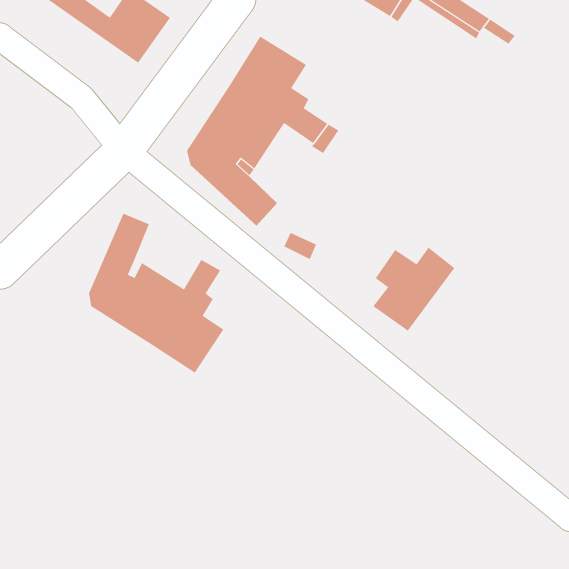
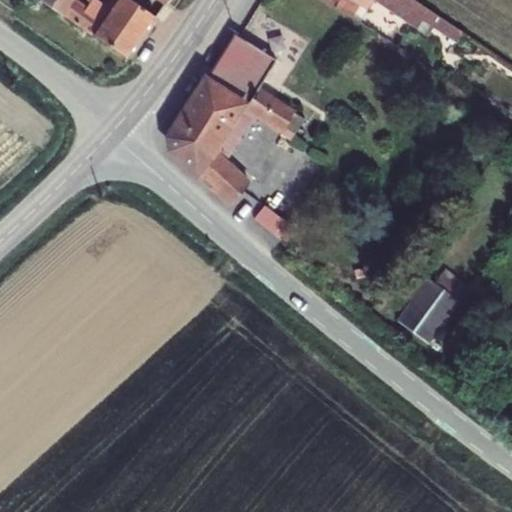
building: [88,213,224,374] -> none
building: [373,247,455,332] -> [396,266,470,342]

